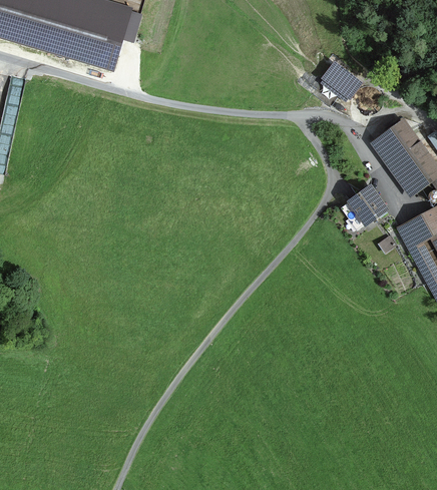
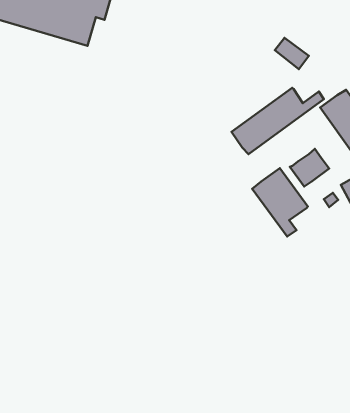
building: none -> [231,88,324,154]
building: none -> [252,168,308,237]

